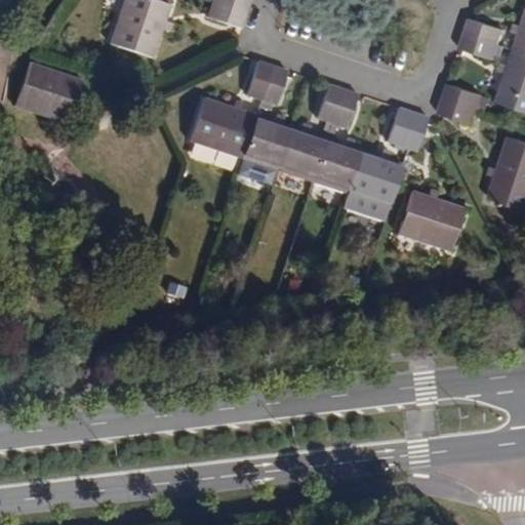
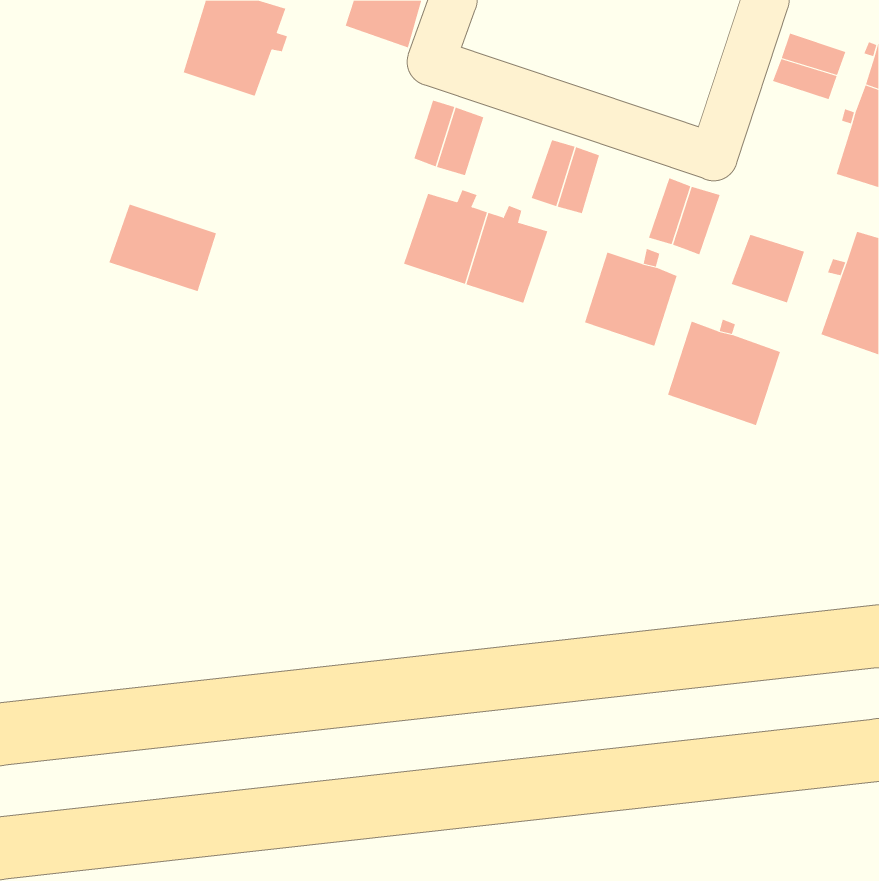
building: [16,59,81,112] -> [108,204,217,292]
building: [437,83,481,124] -> [731,234,805,303]
building: [190,97,254,157] -> none
building: [312,135,361,192] -> none

